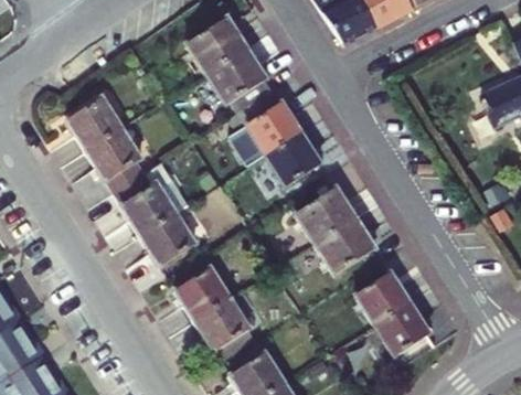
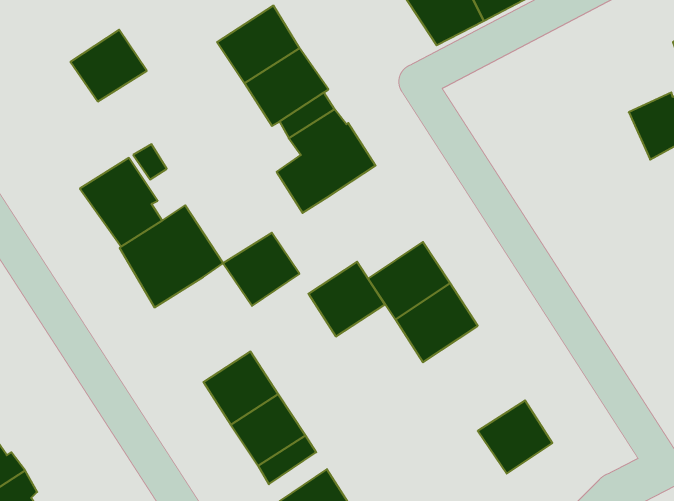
building: [65,96,120,148] -> [70,30,147,101]
building: [264,131,319,185] -> [308,262,385,336]
building: [139,212,194,265] -> [223,233,299,306]
building: [353,271,407,323] -> none

